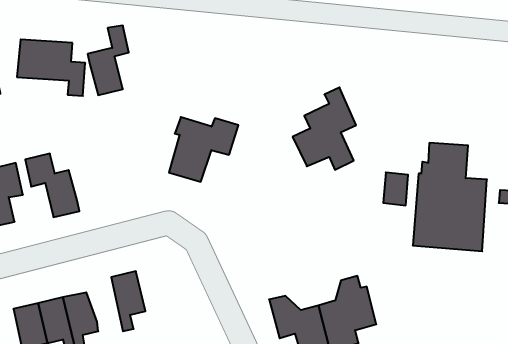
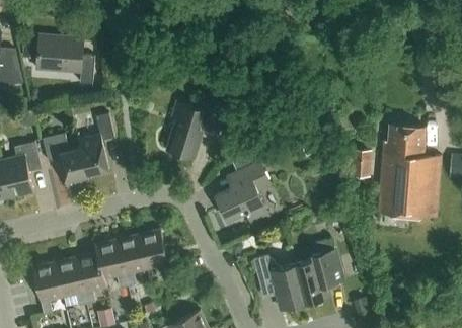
building: [88,26,129,95] -> [79,114,114,174]
building: [293,87,356,170] -> [216,153,271,224]
building: none -> [139,230,171,278]
building: none -> [95,240,128,289]

